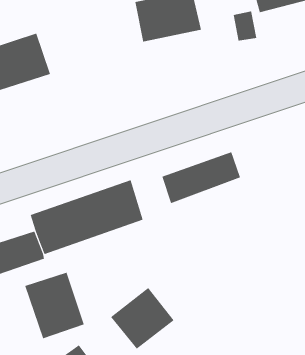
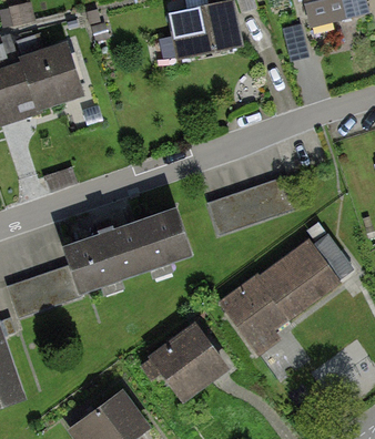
building: none -> [222,233,349,346]
building: [24,272,85,339] -> none

